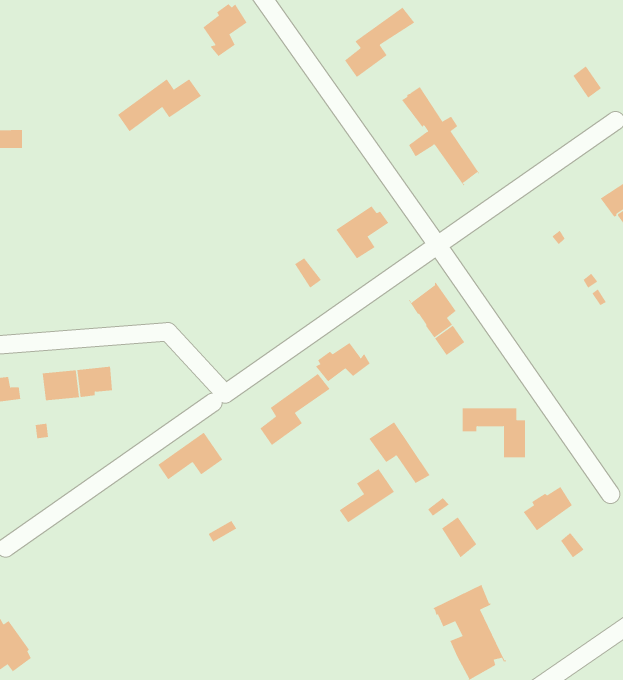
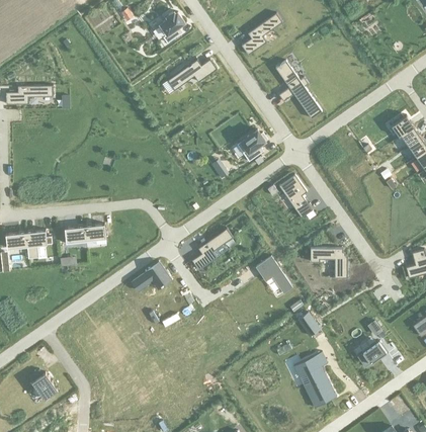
building: [117,79,202,132] -> [167,58,217,89]
building: [315,342,371,382] -> none
building: [339,468,395,523] -> none
building: [523,486,573,531] -> [356,340,386,366]

